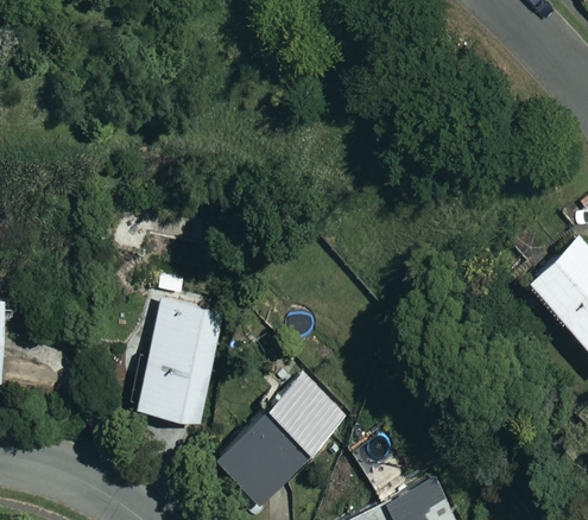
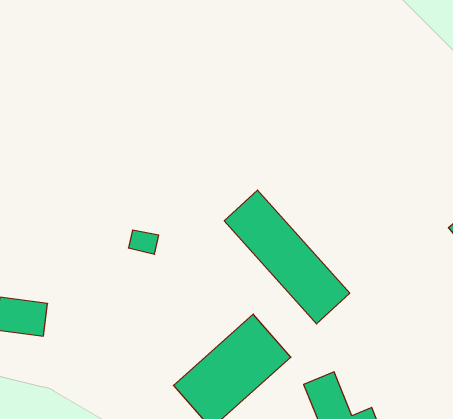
building: none -> [224,190,350,324]
building: [135,303,228,424] -> none

